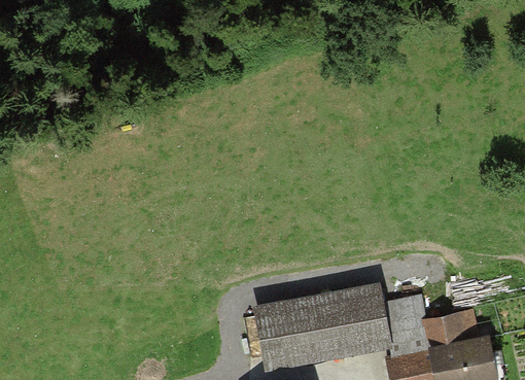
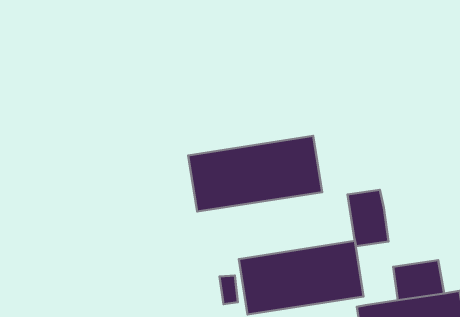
building: none -> [188,136,322,212]
building: [386,297,430,357] -> [347,190,389,246]

